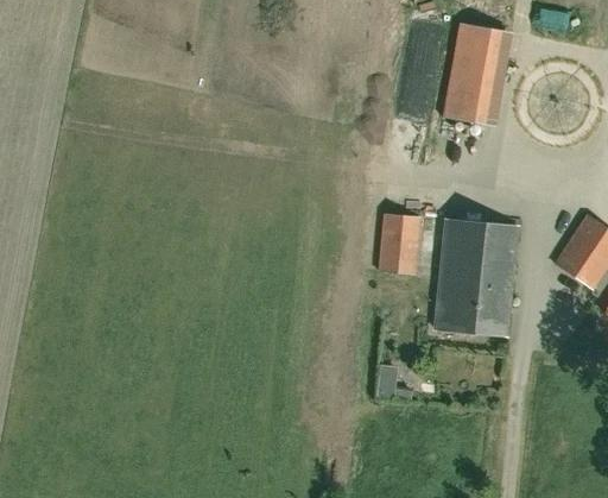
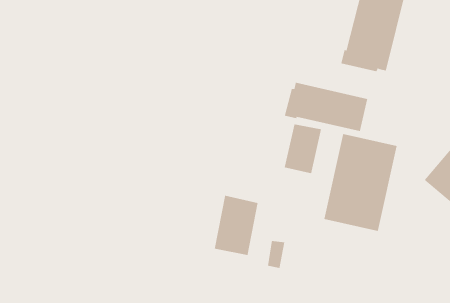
building: none -> [284,82,368,132]
building: none -> [214,195,258,256]

